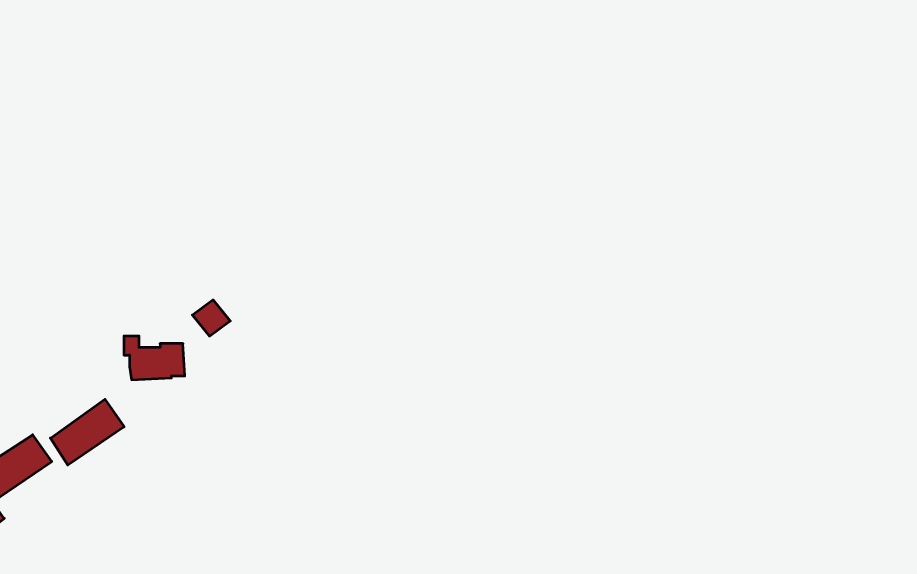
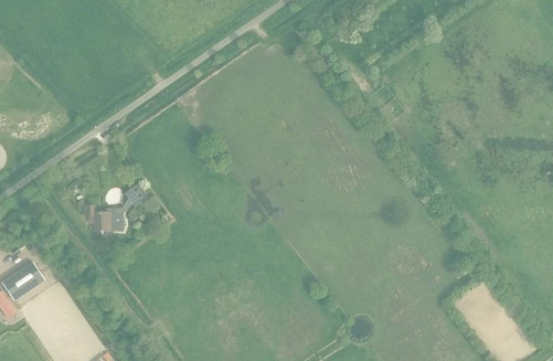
building: [50,399,124,465] -> none

